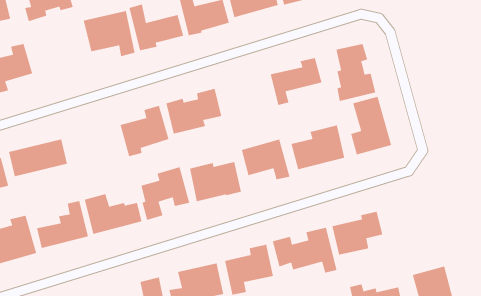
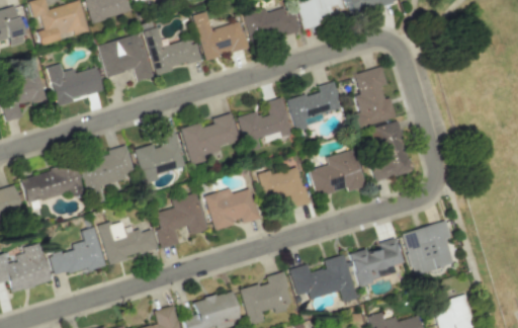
building: none -> [47,63,102,106]
building: none -> [237,97,291,152]
building: none -> [79,150,135,203]
building: none -> [402,221,452,274]

